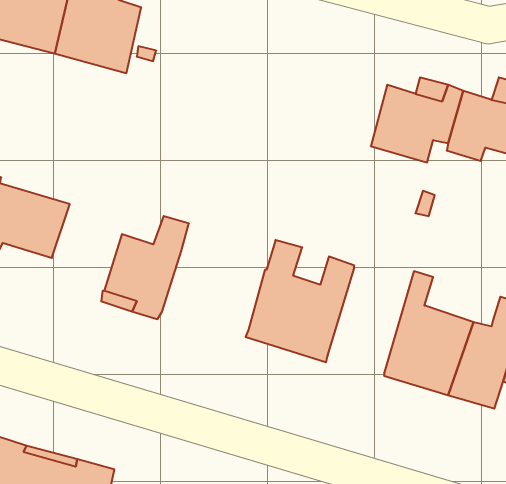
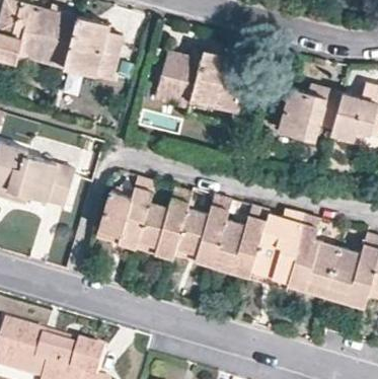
building: none -> [154,50,243,115]
building: none -> [137,188,207,259]
building: none -> [249,210,308,285]

